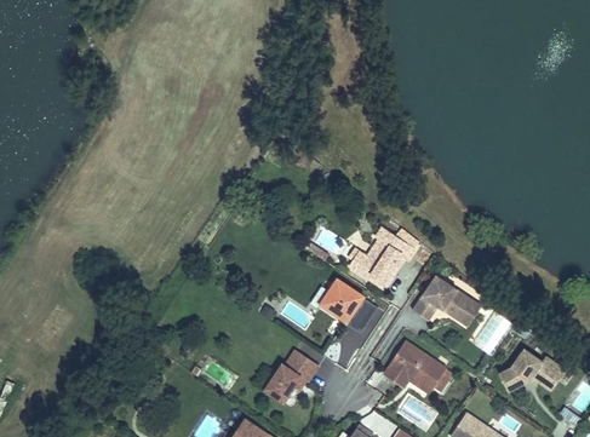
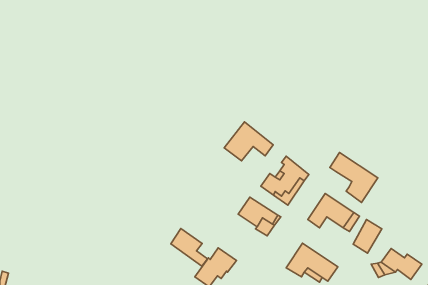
building: none -> [224,122,273,161]
building: none -> [330,153,378,203]
building: none -> [171,229,208,266]

